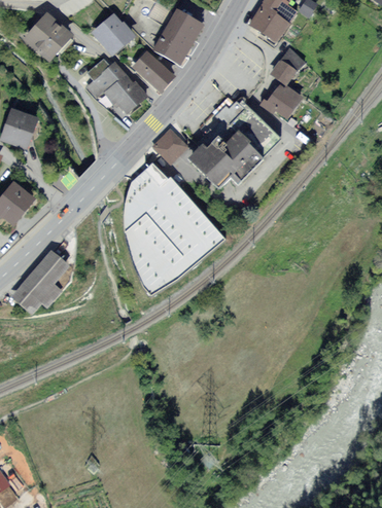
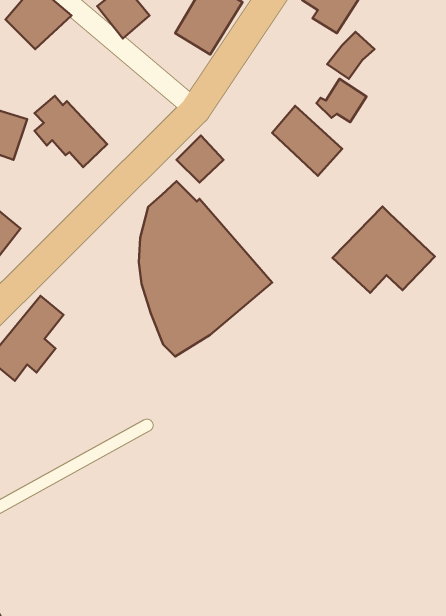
building: [132,50,176,93] -> none
building: [90,60,145,114] -> [35,96,107,167]
building: [183,120,262,186] -> [333,207,435,293]

